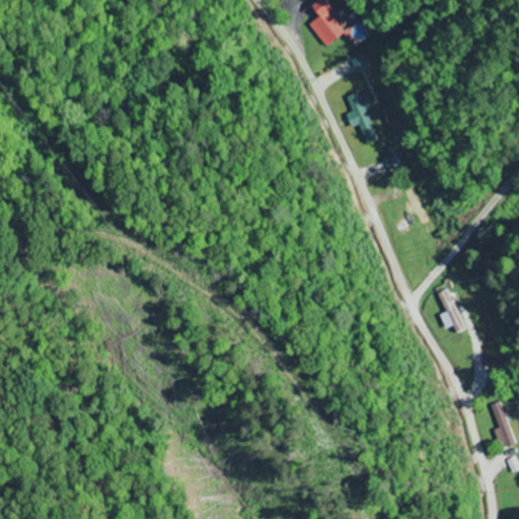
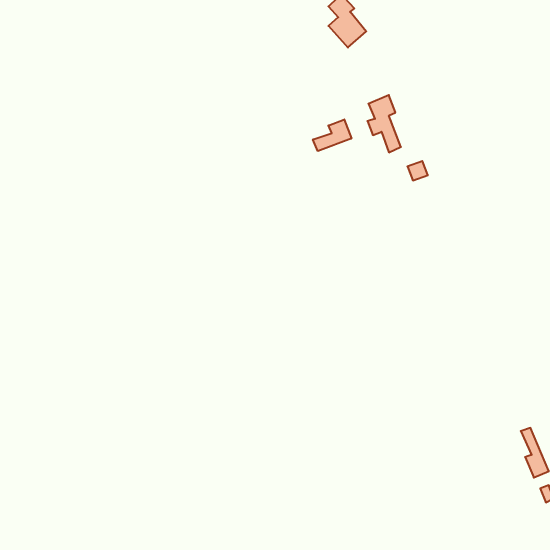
building: none -> [313,119,351,151]
building: [438,288,465,332] -> none

